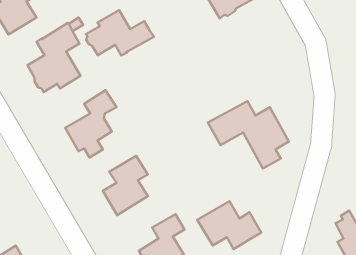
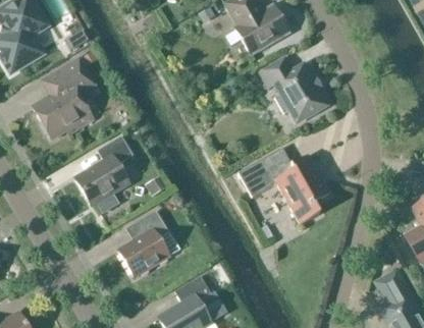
building: [86,10,154,56] -> none
building: none -> [260,56,325,119]
building: [197,201,261,249] -> none

